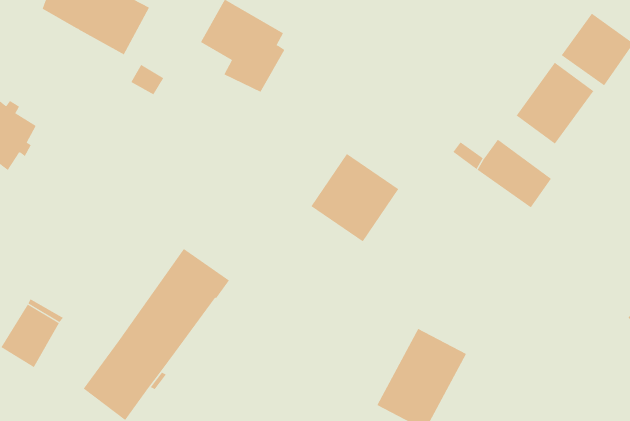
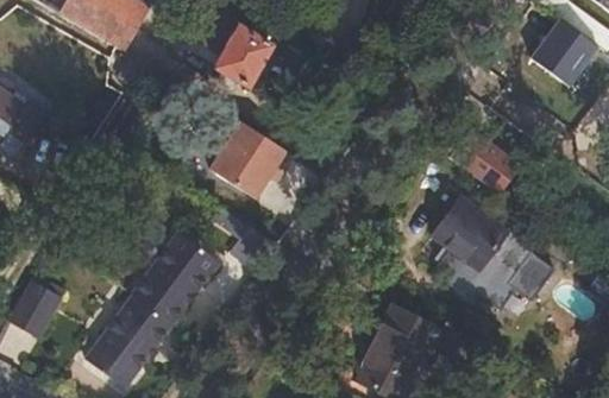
building: [516,62,594,145] -> none
building: [310,153,399,242] -> [207,120,289,202]
building: none -> [438,202,559,312]

